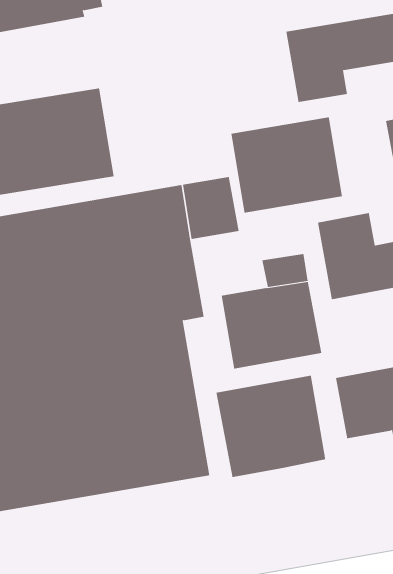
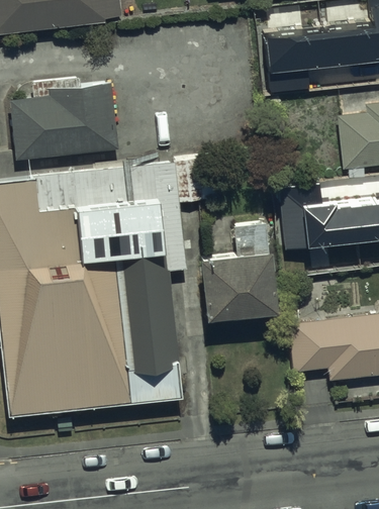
building: [231,116,343,213] -> none
building: [216,375,326,478] -> none

